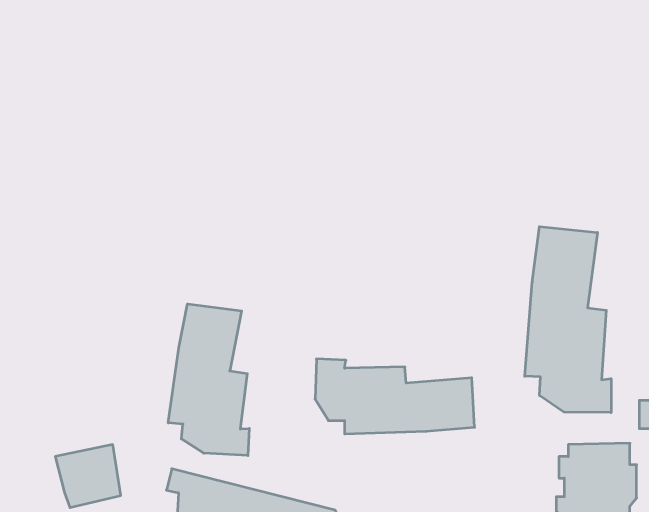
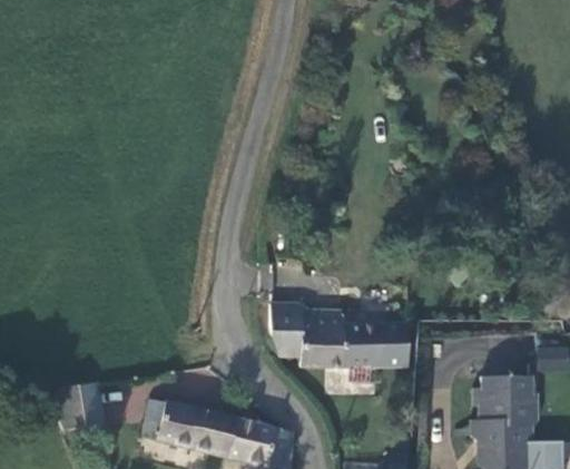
building: [525,227,611,413] -> none
building: [168,304,249,456] -> none

